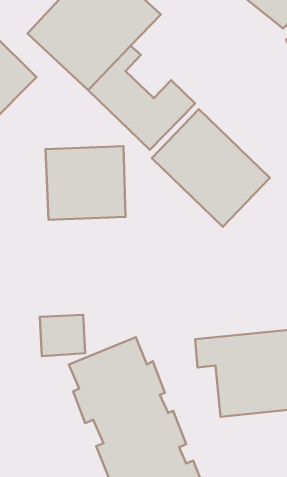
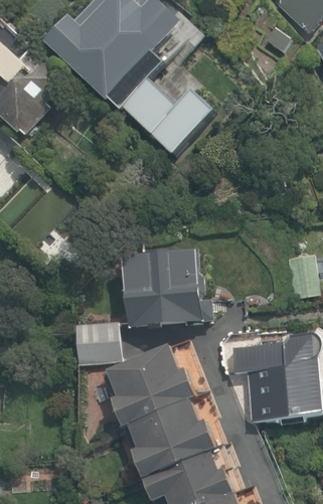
building: [152,109,270,227] -> none
building: [46,146,125,220] -> [122,251,201,325]

